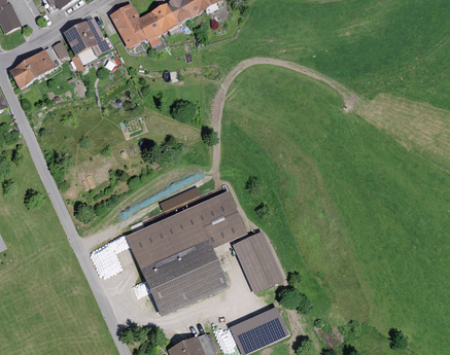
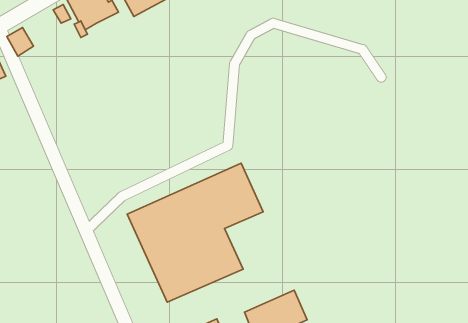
building: [24,46,60,79] -> none
building: [233,232,284,295] -> none

